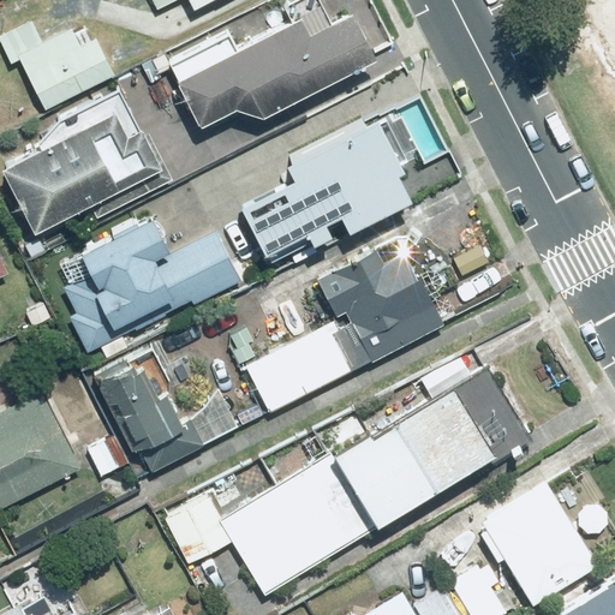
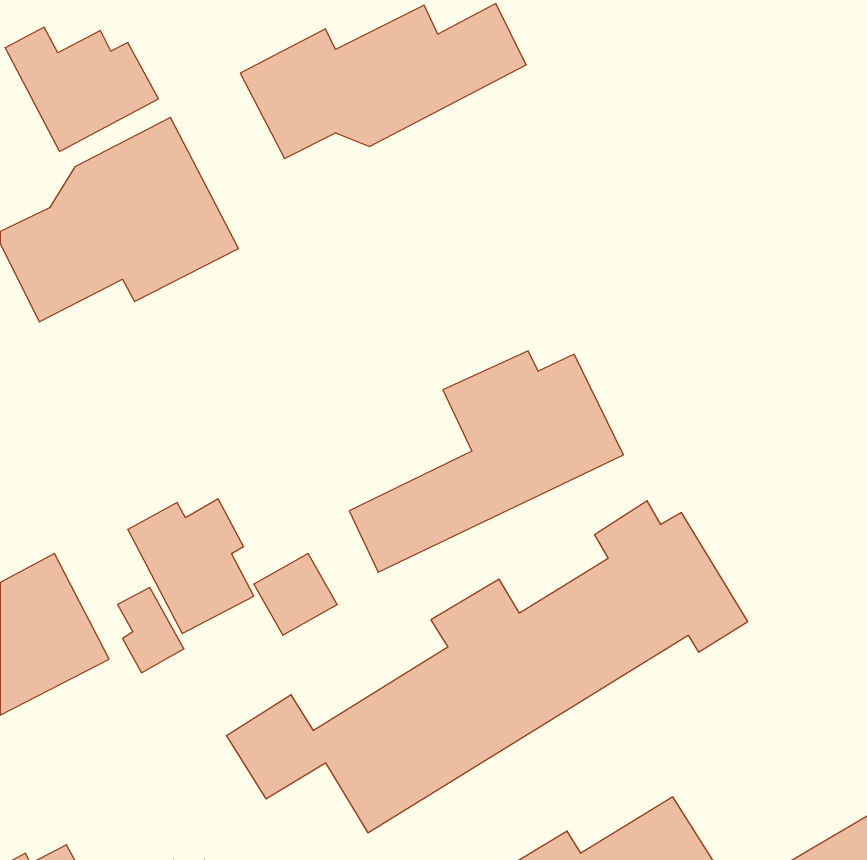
building: [250,113,418,255] -> none
building: [59,219,246,364] -> none
building: [478,484,596,608] -> none

